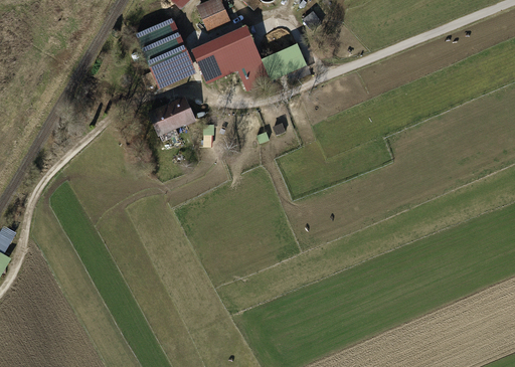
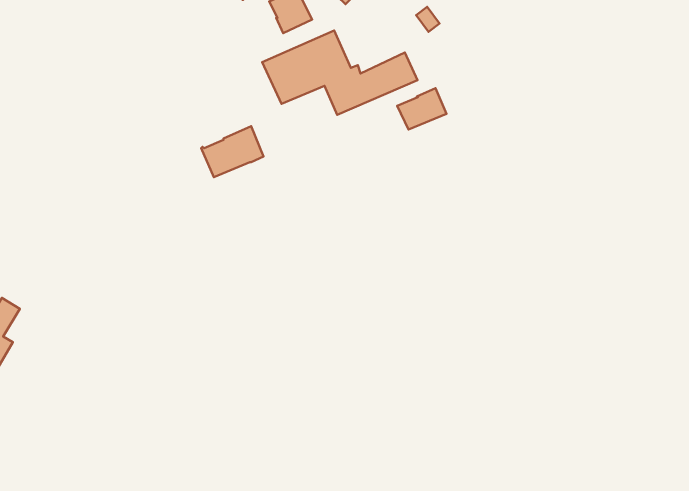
building: [135,18,192,81] -> none
building: none -> [397,88,446,130]

